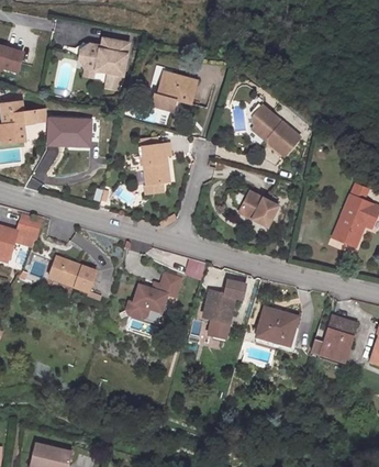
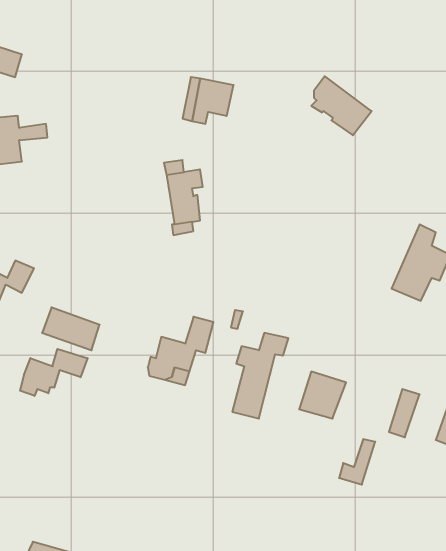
building: [81,37,130,75] -> none
building: [254,104,303,153] -> [311,76,372,135]
building: [51,116,93,144] -> none
building: [239,192,278,226] -> none
building: none -> [20,349,88,396]
building: [308,323,337,360] -> [339,439,375,485]

